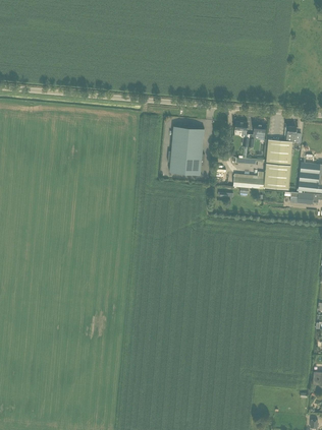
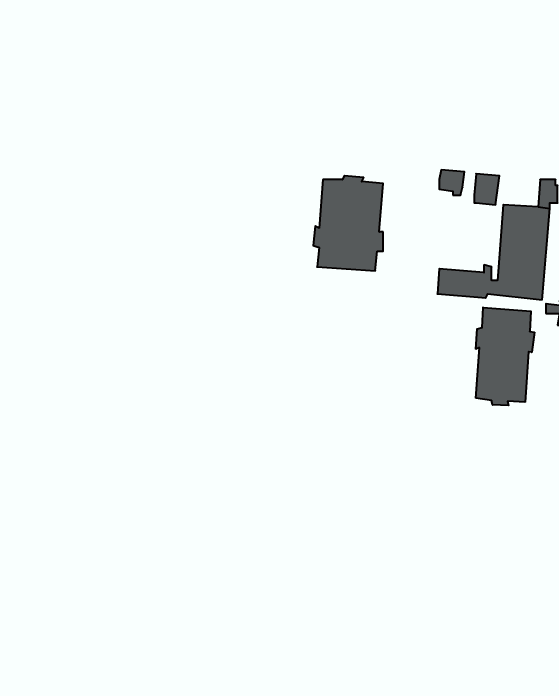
building: none -> [476,307,534,405]

